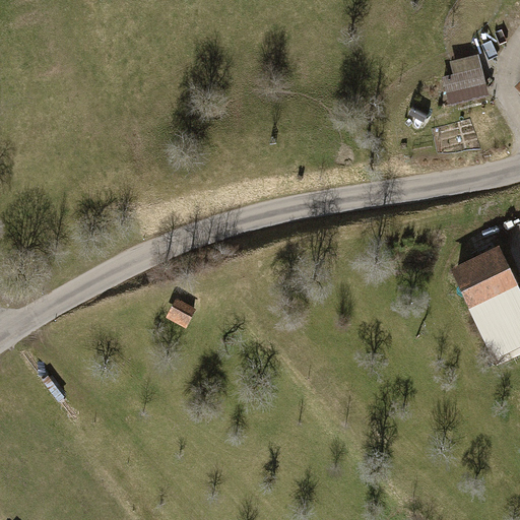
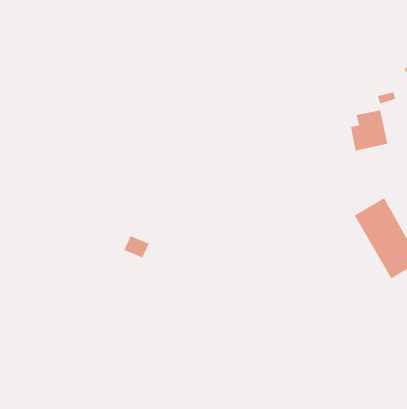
building: [443,54,491,106] -> [350,110,388,151]

